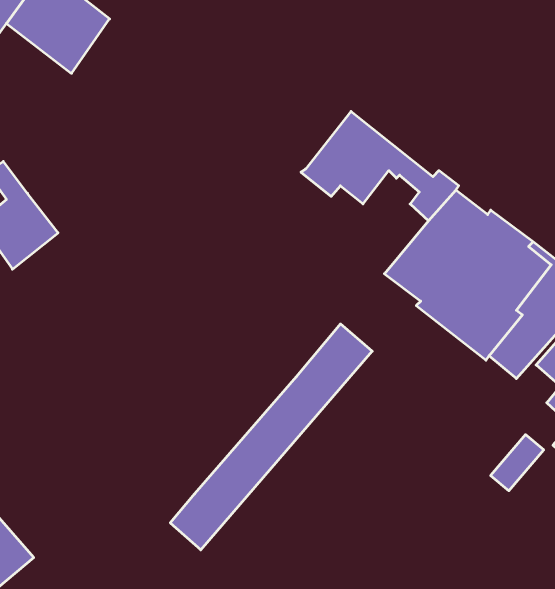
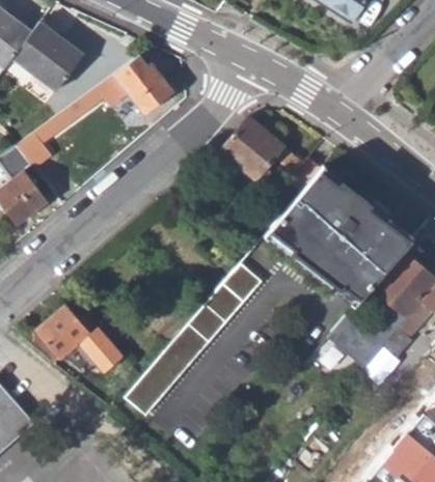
building: none -> [114,54,174,113]
building: none -> [20,85,106,168]
building: none -> [35,305,126,375]

